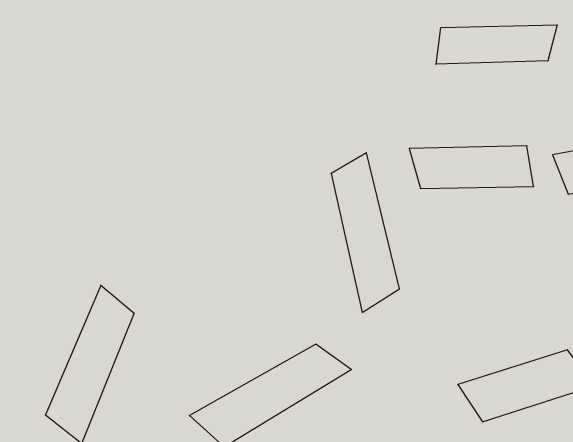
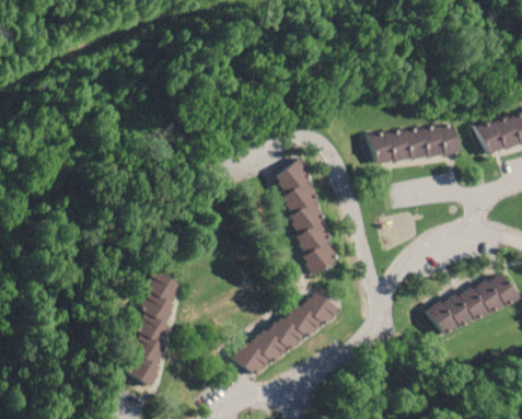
building: [436,25,557,64] -> none
building: [331,153,399,312] -> [276,159,337,277]

